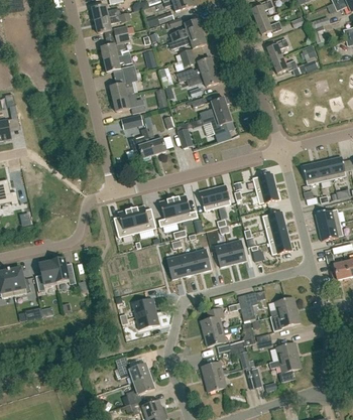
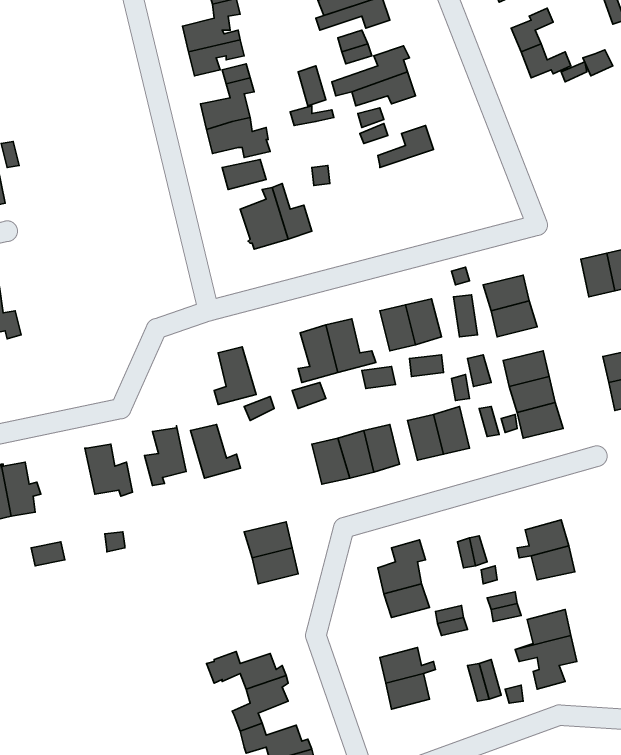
building: [191,109,232,134] -> none
building: [131,205,156,233] -> [191,424,240,478]
building: [35,260,56,290] -> [144,426,186,485]

